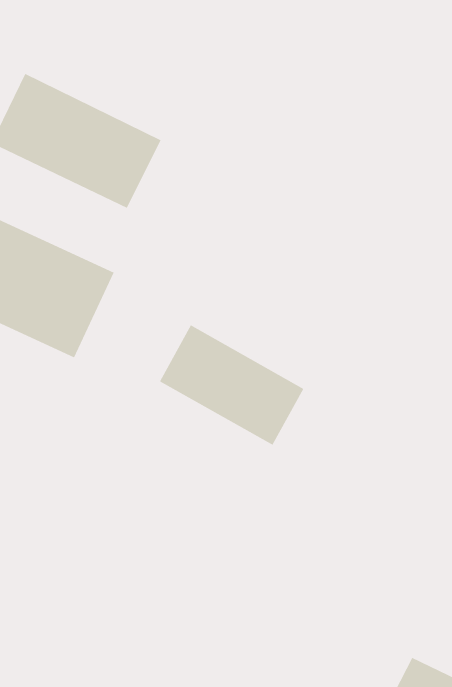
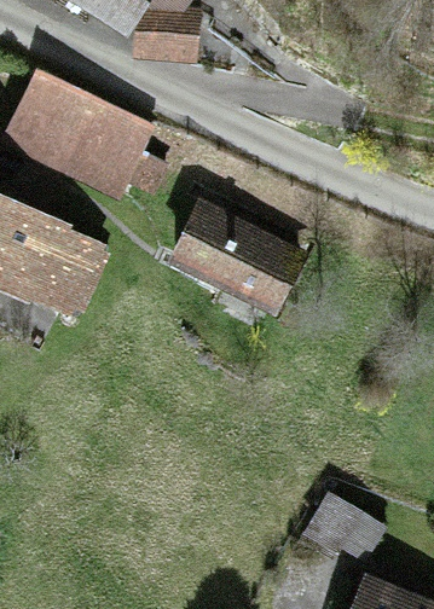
building: [159,325,304,446] -> [168,199,291,302]

